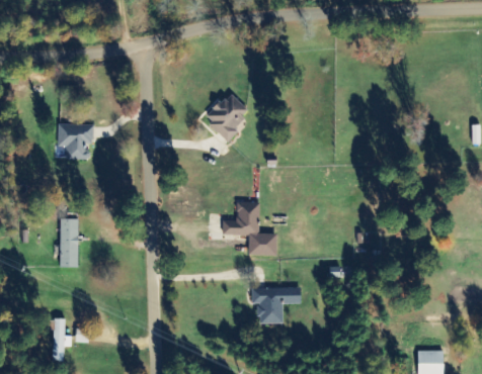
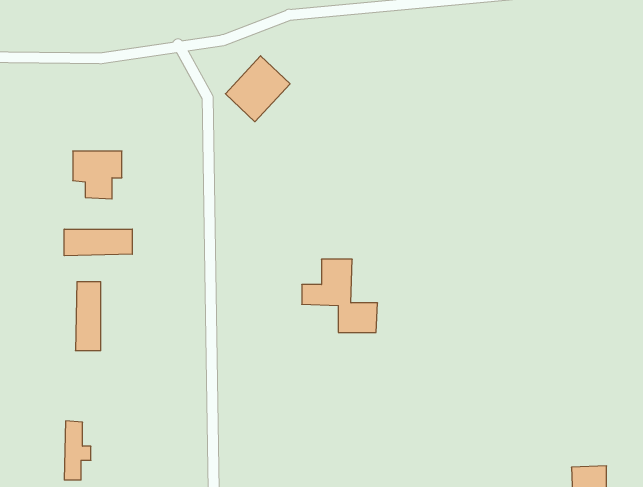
building: [205,92,251,139] -> [225,56,290,122]
building: none -> [64,229,132,256]
building: [252,287,302,323] -> none

